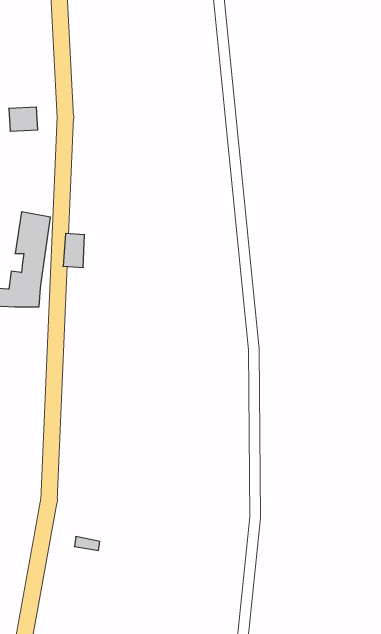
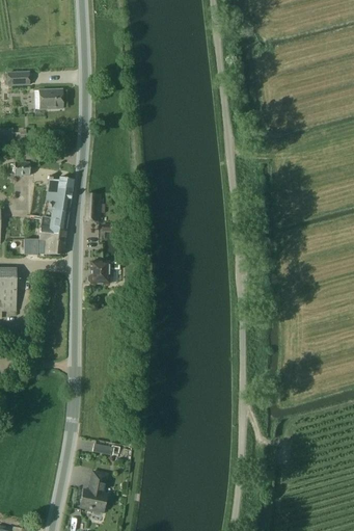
building: none -> [88,261,119,284]
building: none -> [79,471,106,514]

